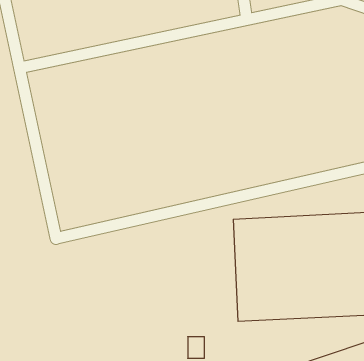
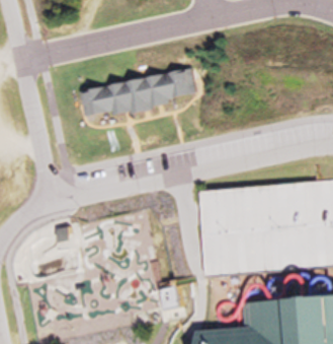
building: none -> [79,71,194,116]

